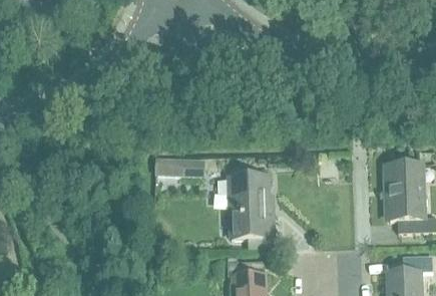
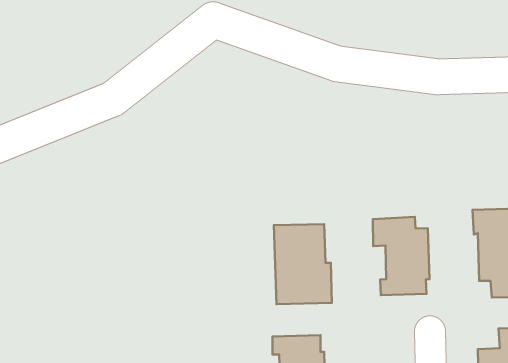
building: [154,158,204,176] -> none
building: none -> [373,217,429,295]

